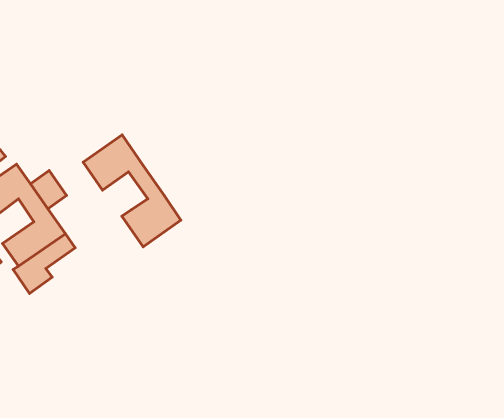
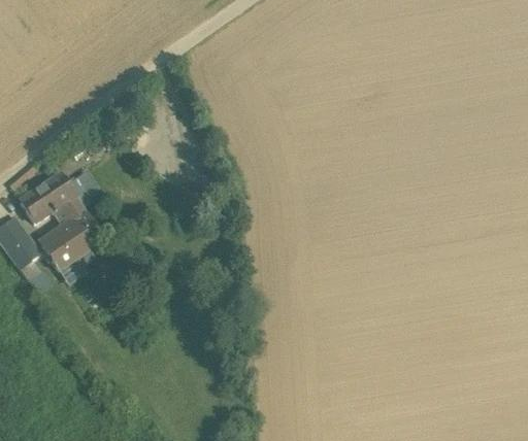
building: [83,135,181,247] -> none

